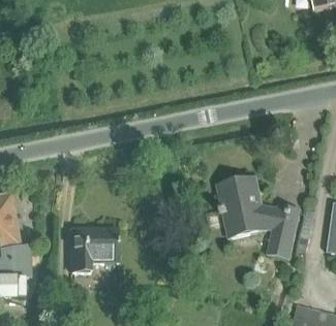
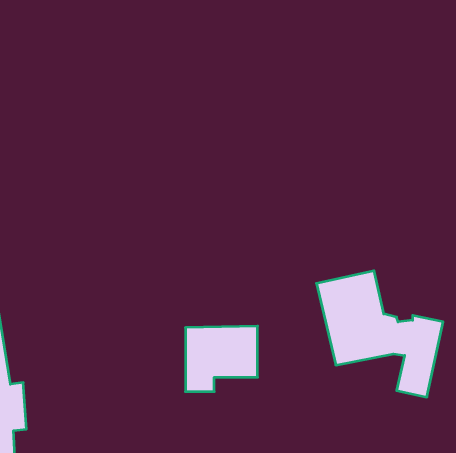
building: [72,230,119,272] -> [185,326,258,392]

